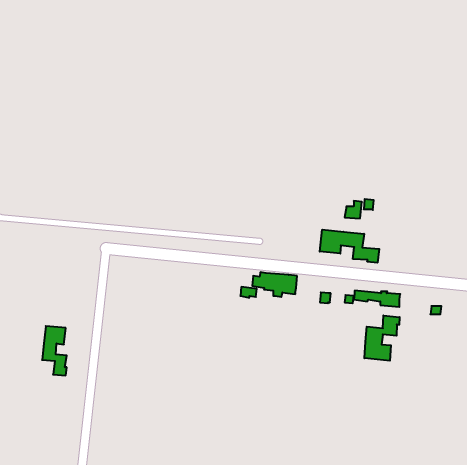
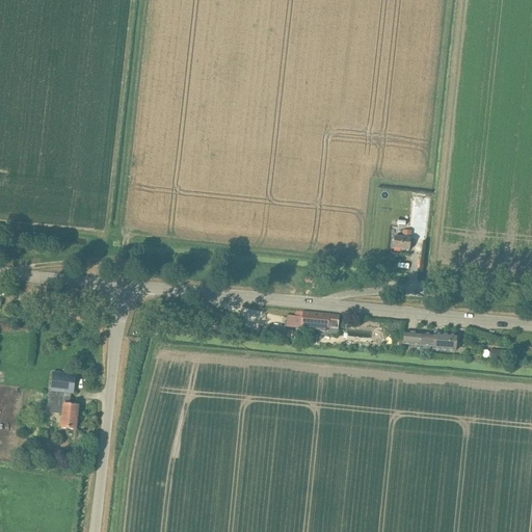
building: [320,230,379,263] -> none
building: [364,315,400,361] -> none

